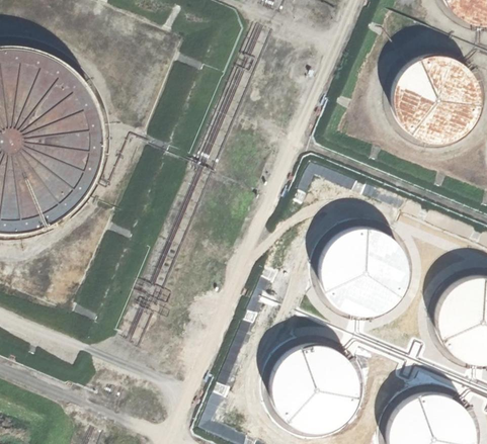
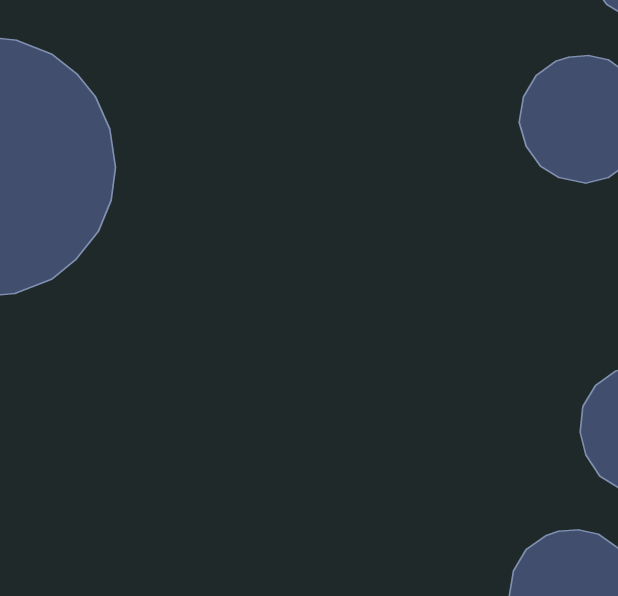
building: [320,227,411,318] -> none
building: [270,345,361,435] -> none

